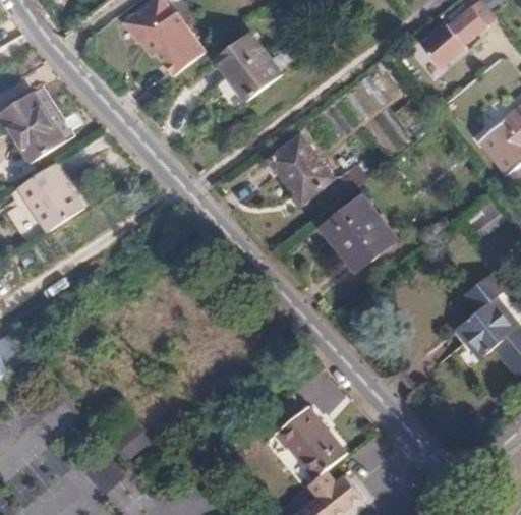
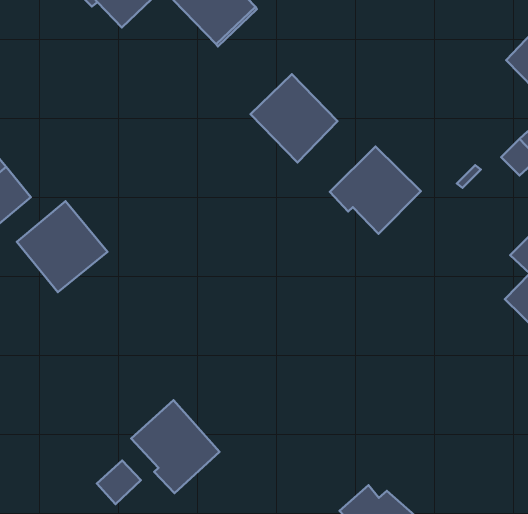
building: none -> [17,201,108,292]
building: none -> [131,400,220,493]
building: [272,405,344,476] -> none

